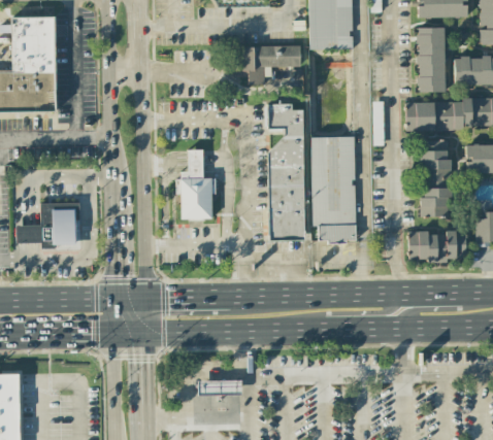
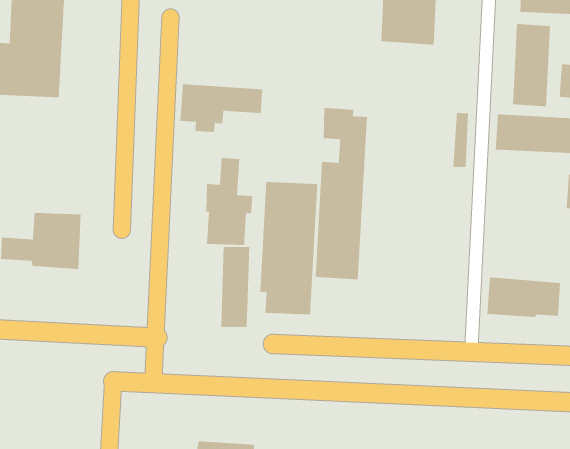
building: [236,46,301,83] -> [180,84,263,132]
building: [313,136,356,242] -> [260,182,318,315]
building: [421,140,451,181] -> none
building: [422,188,450,216] -> none
building: none -> [221,246,250,328]

